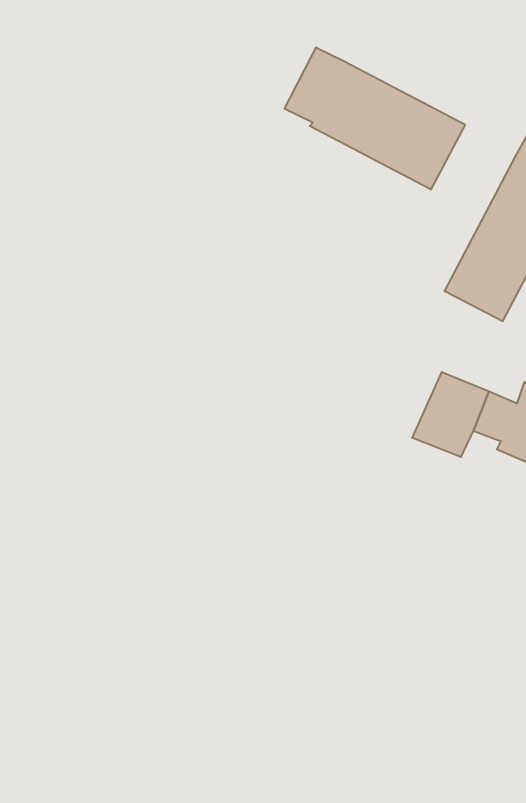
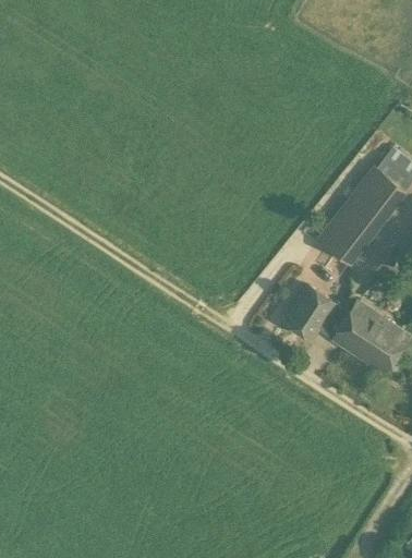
building: [284,47,465,190] -> none

